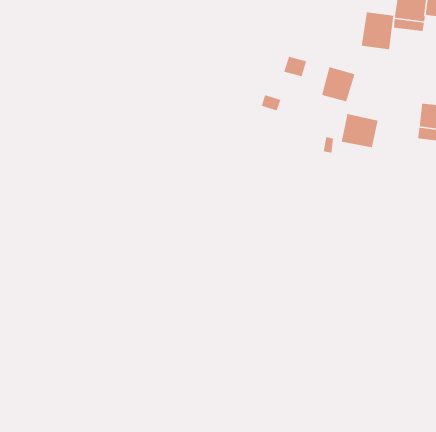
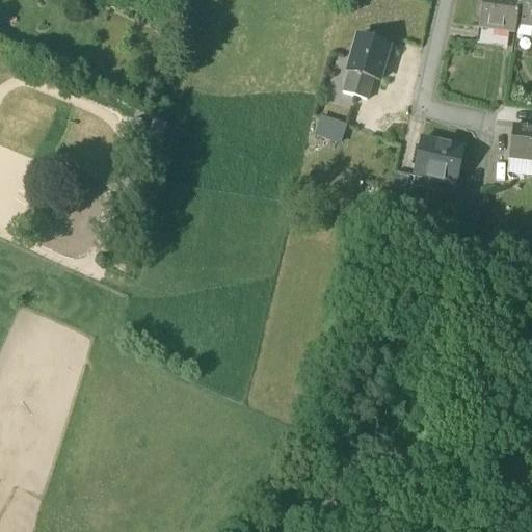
building: [361,11,394,50] -> none
building: [321,66,355,102] -> [349,31,391,75]

